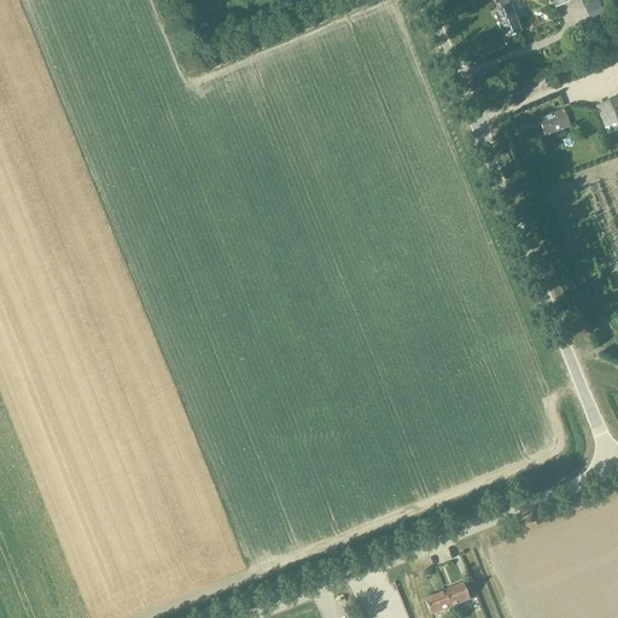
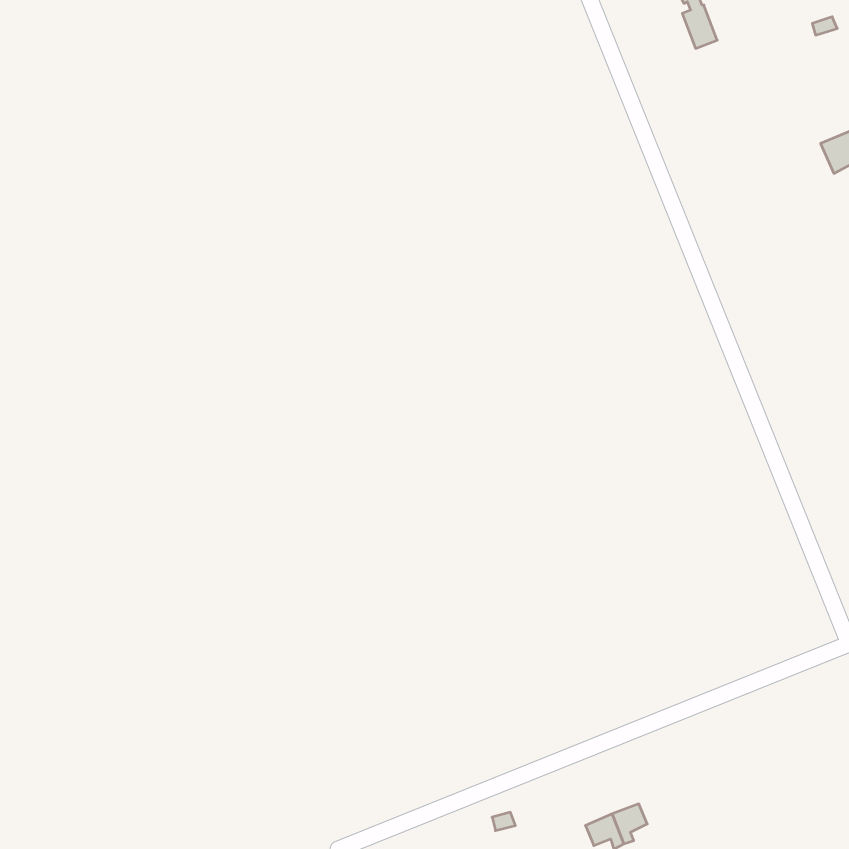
building: [540,105,575,133] -> none

